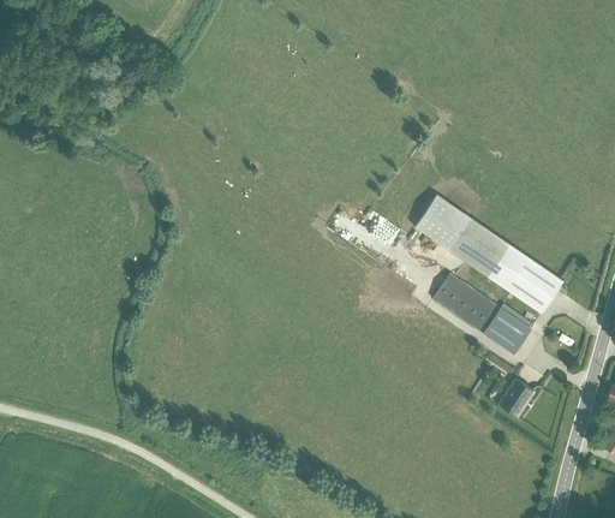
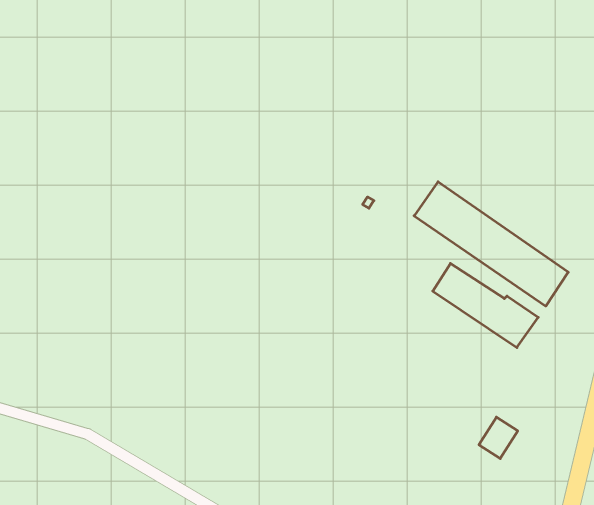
building: [498,377,536,417] -> [479,417,518,459]

